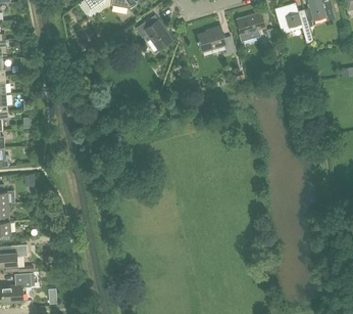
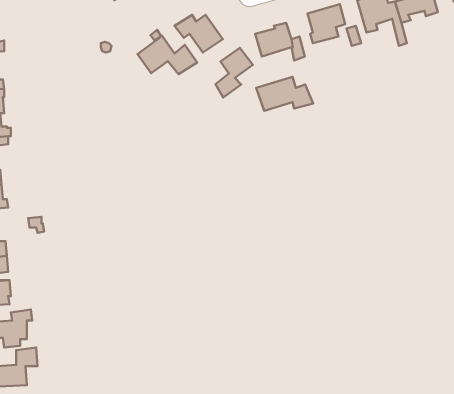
building: none -> [138,36,197,74]
building: none -> [215,48,253,98]
building: none -> [256,77,313,111]

